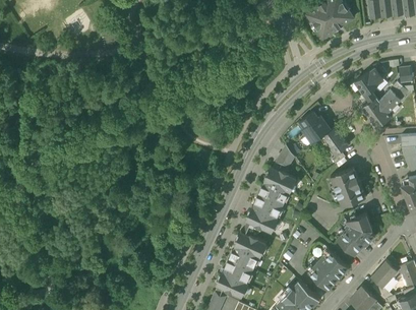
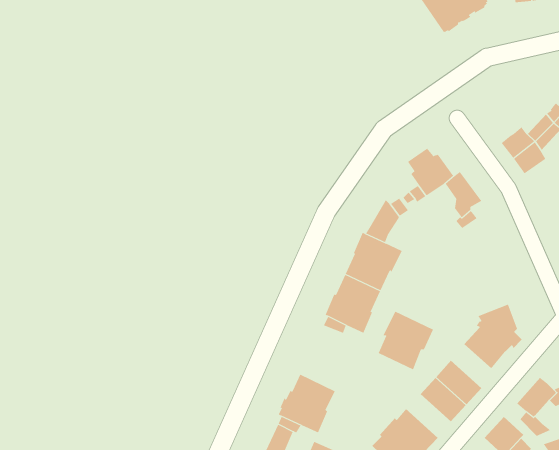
building: [355,68,385,103] -> none
building: [331,168,366,207] -> none
building: [230,232,266,270] -> [378,311,434,370]

